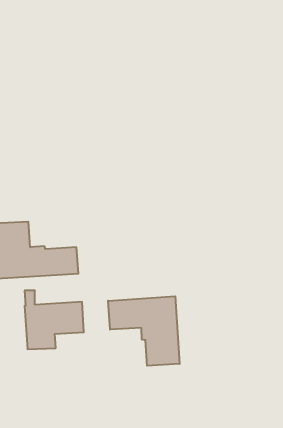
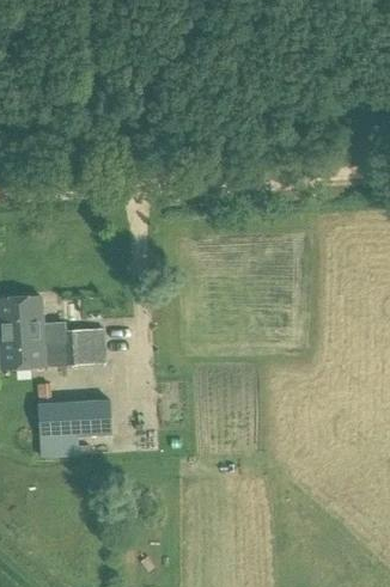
building: [108,296,180,366] -> none

